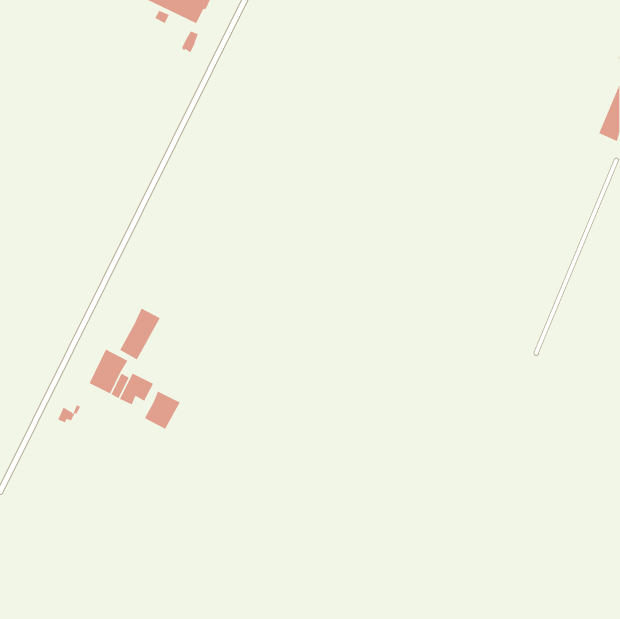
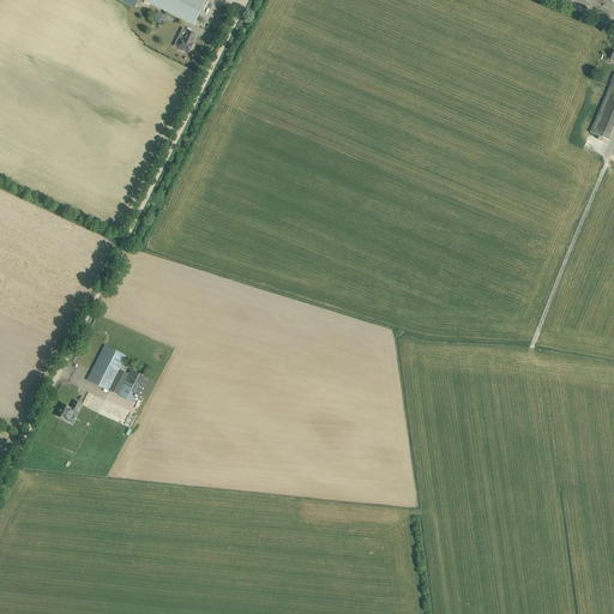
building: [119,308,161,360] -> none
building: [144,390,181,430] -> none

